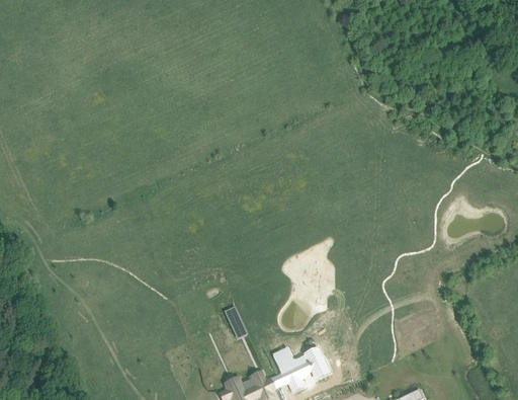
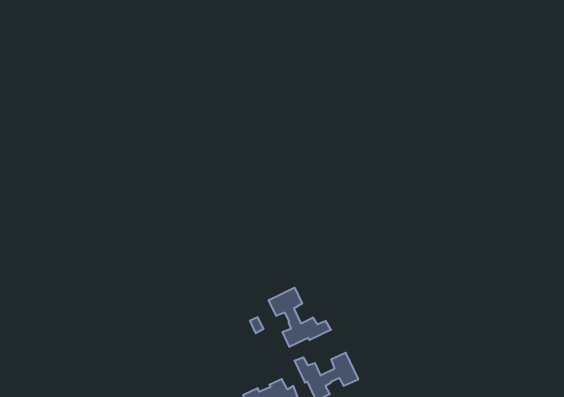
building: none -> [269,288,331,347]

